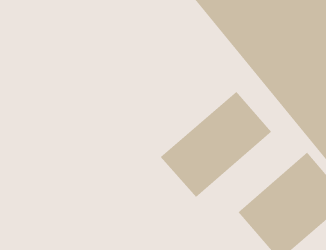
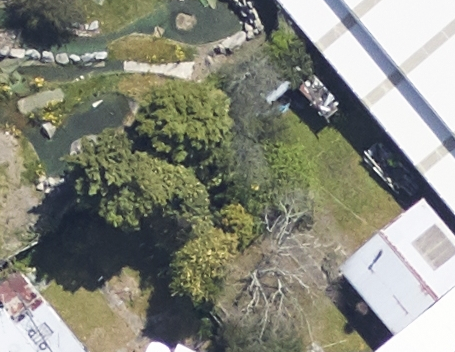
building: [160,91,272,198] -> none

